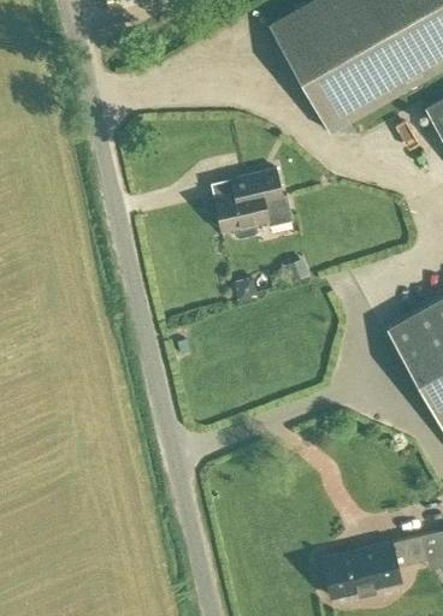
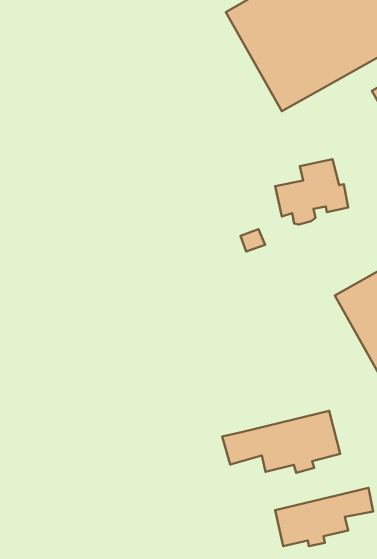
building: [214,168,293,238] -> [275,159,348,224]
building: none -> [222,411,340,473]

